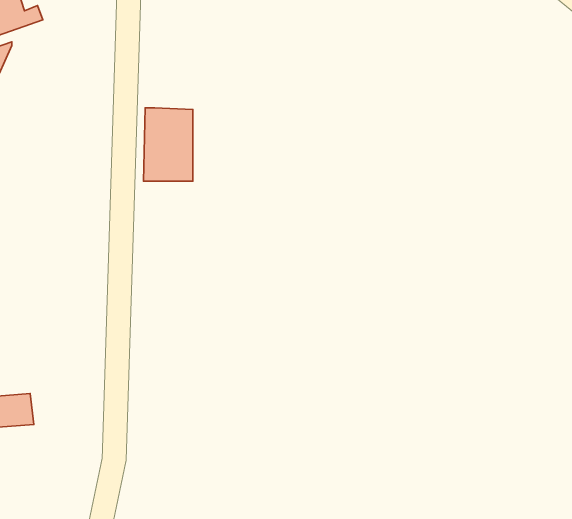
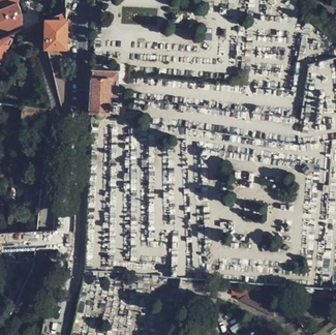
building: none -> [44,13,65,49]

